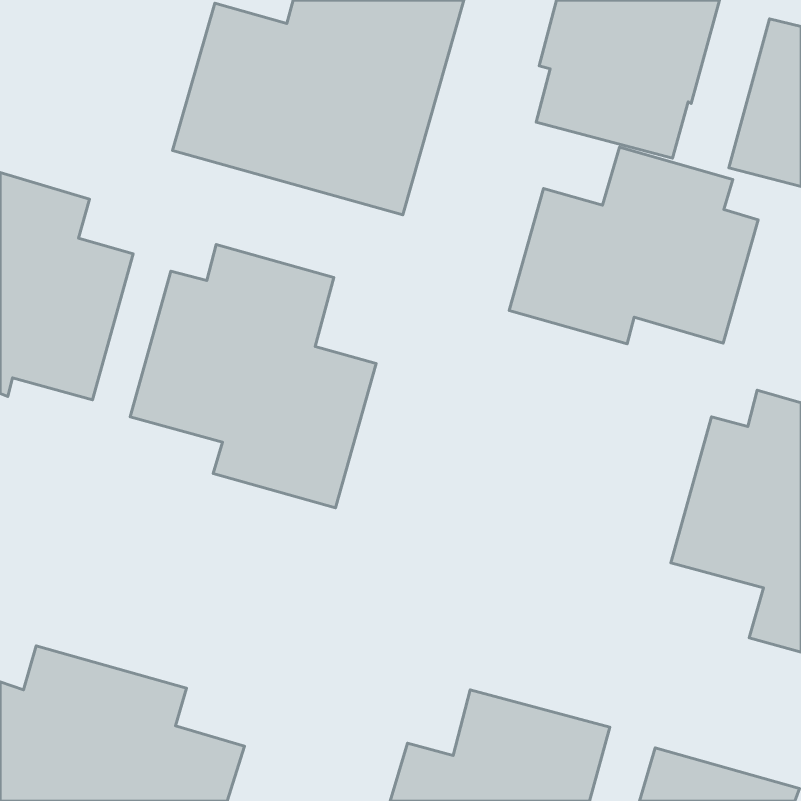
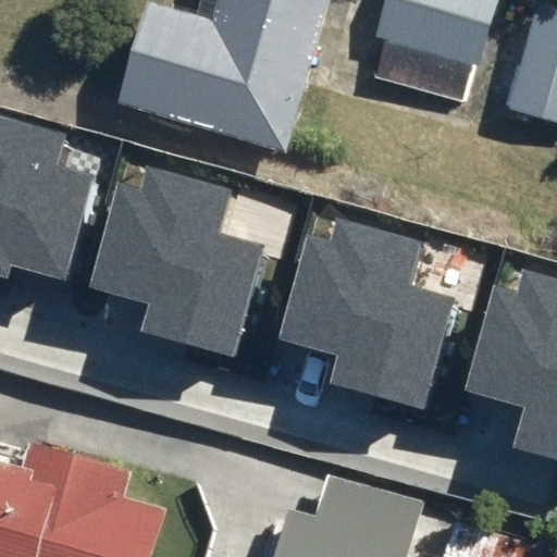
building: [509,147,758,344] -> none
building: none -> [281,216,451,407]

